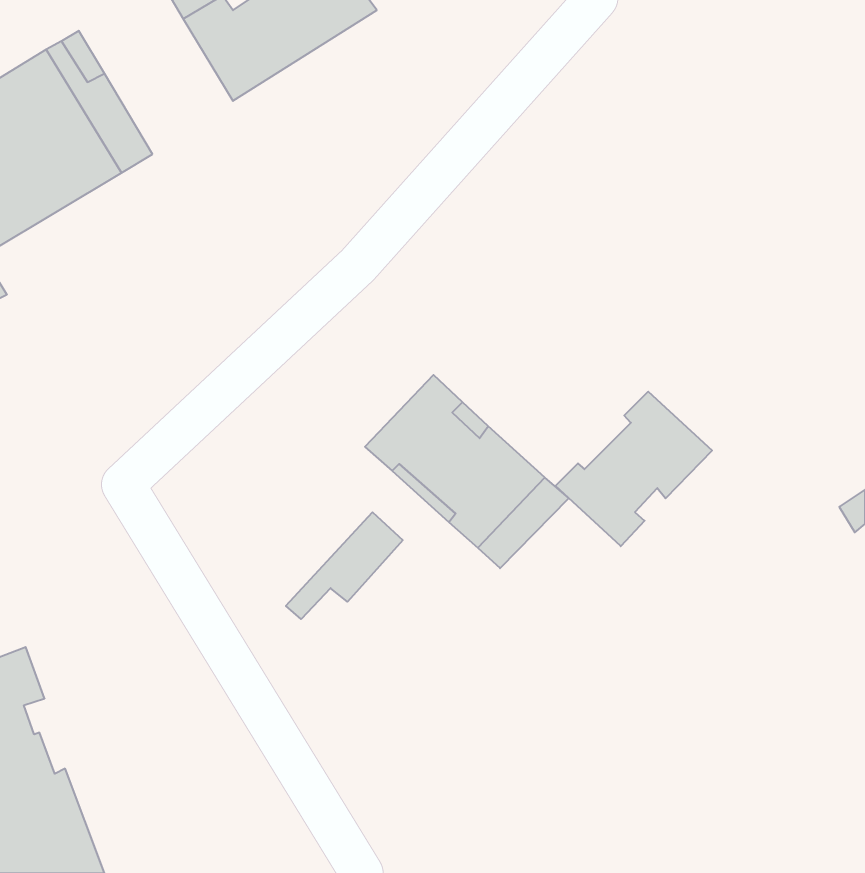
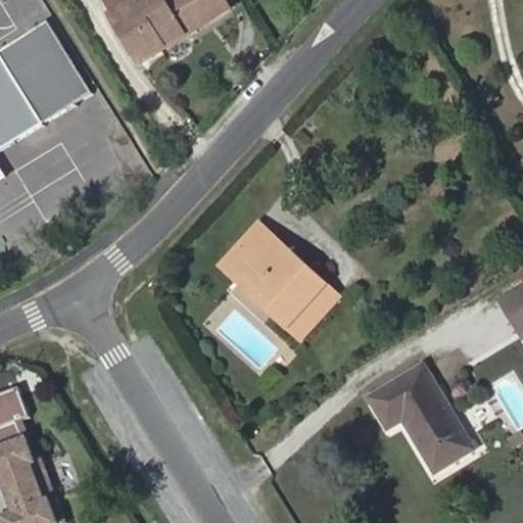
building: [555,392,712,546] -> none
building: [286,512,403,619] -> none
building: none -> [366,364,472,473]

